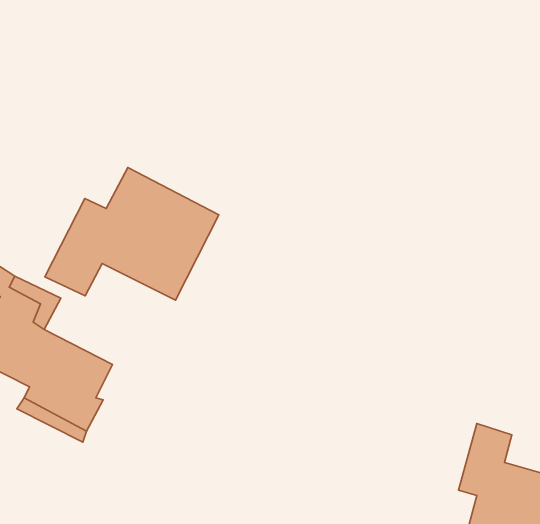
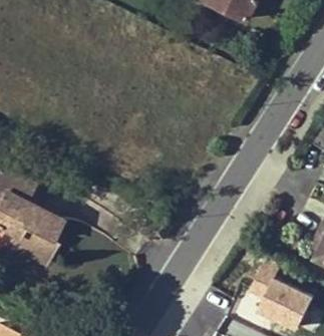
building: [45,168,219,300] -> none

